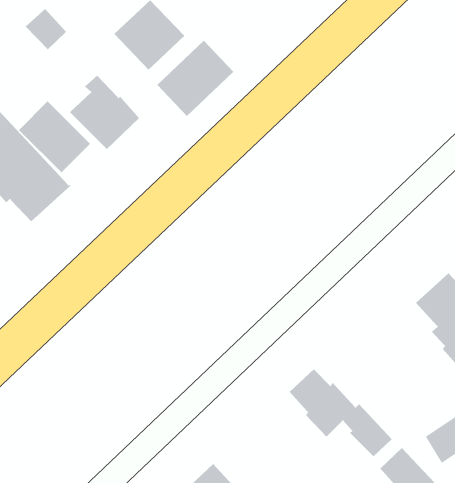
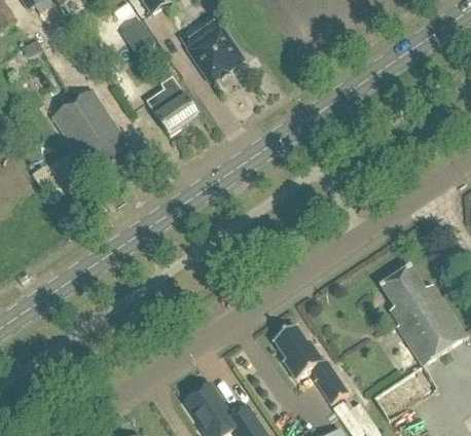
building: [157,40,234,117] -> none
building: [18,101,91,173] -> none

